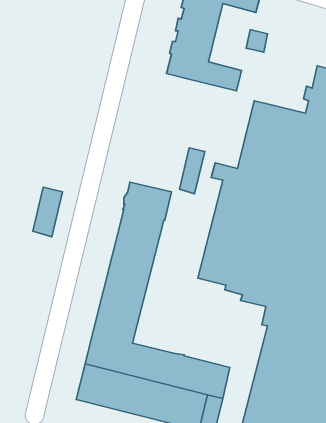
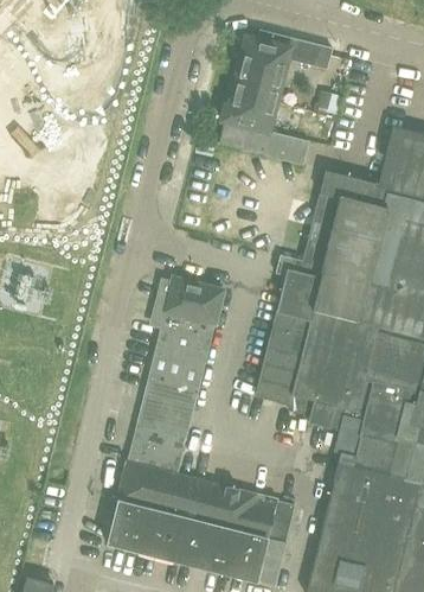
building: [179,148,205,194] -> none
building: [33,187,63,237] -> none

